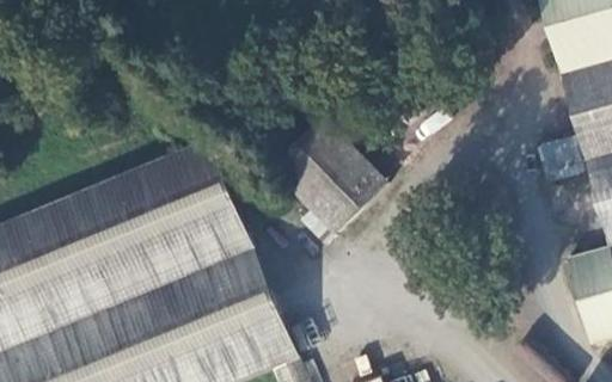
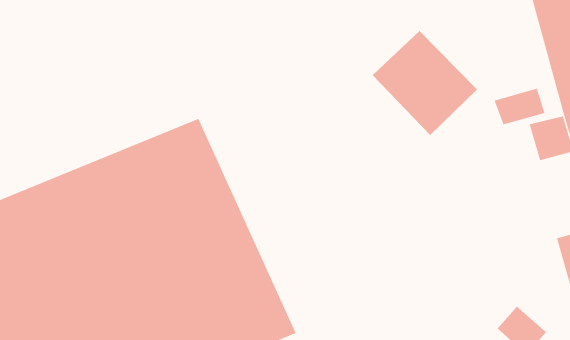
building: none -> [494,88,545,125]
building: [276,117,382,223] -> [372,30,478,136]

